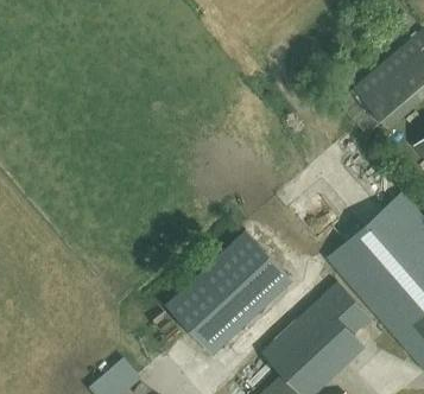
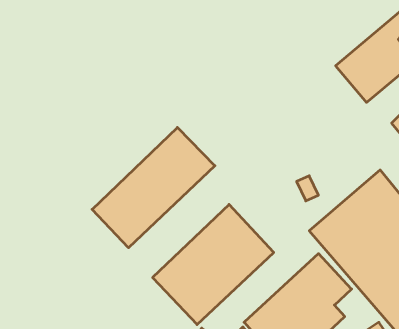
building: none -> [92,127,215,248]

